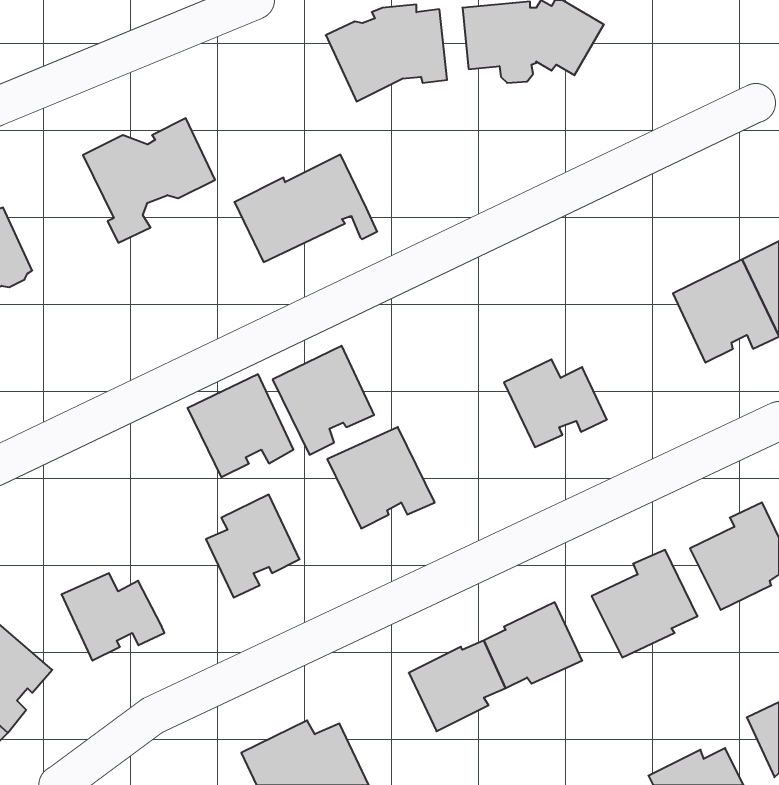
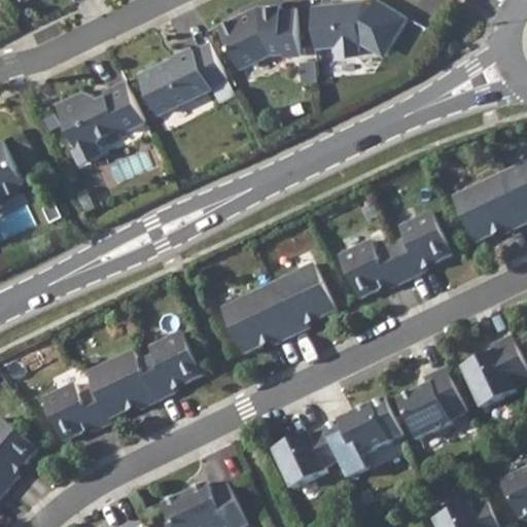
building: [234,155,377,262] -> [138,41,234,113]
building: none -> [390,212,451,281]
building: [273,346,374,455] -> [267,264,335,337]
building: [187,374,293,477] -> [85,350,156,419]

